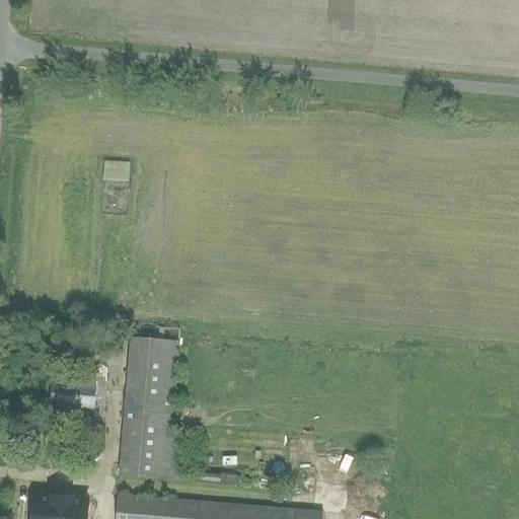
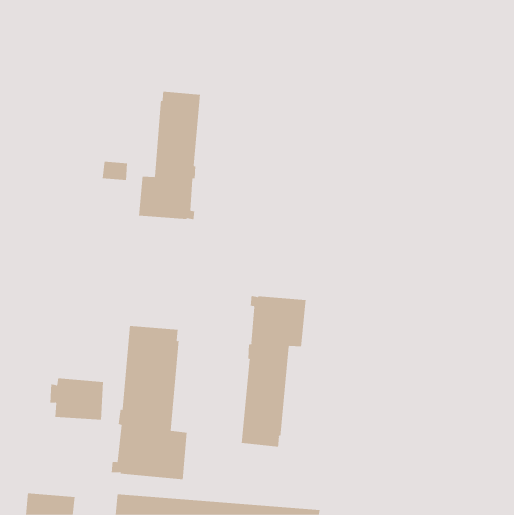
building: none -> [139,91,200,220]
building: none -> [241,295,306,447]

